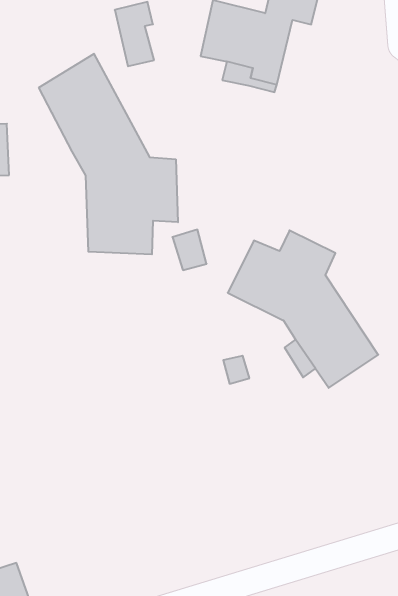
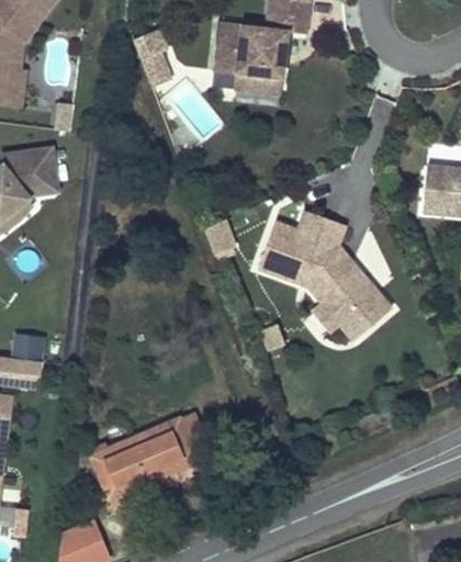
building: [39,54,178,254] -> none
building: none -> [95,417,213,502]

